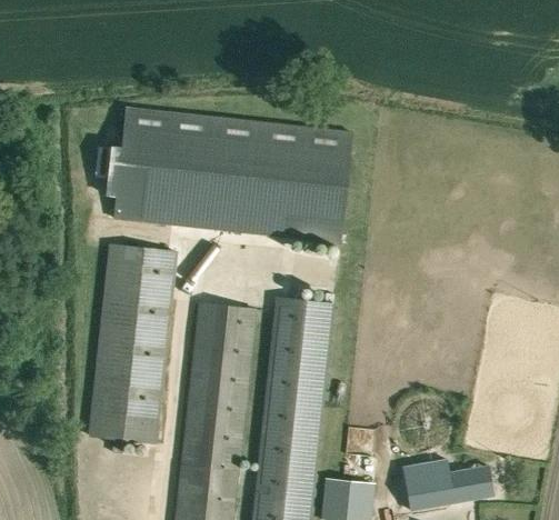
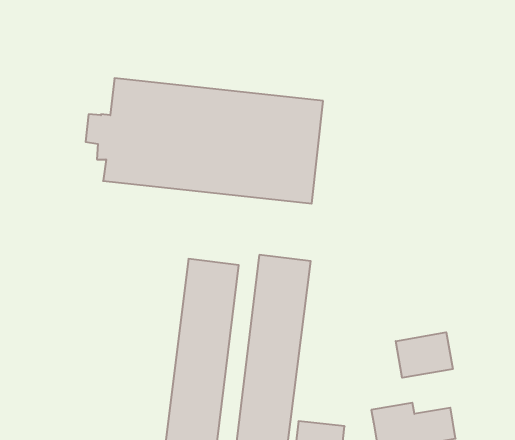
building: [88,243,174,442] -> none
building: none -> [396,332,453,378]

